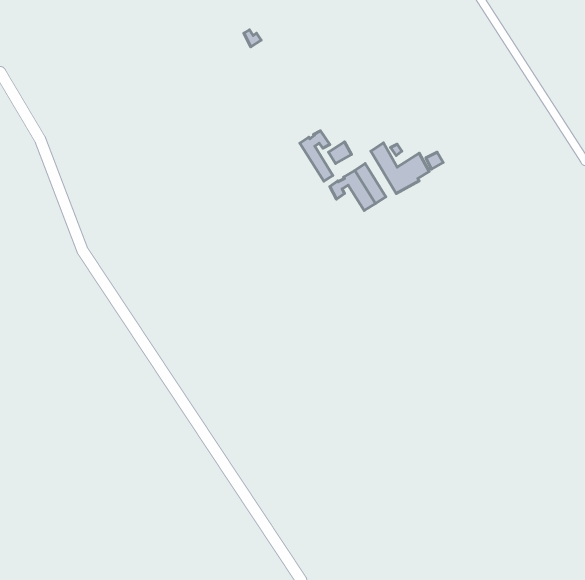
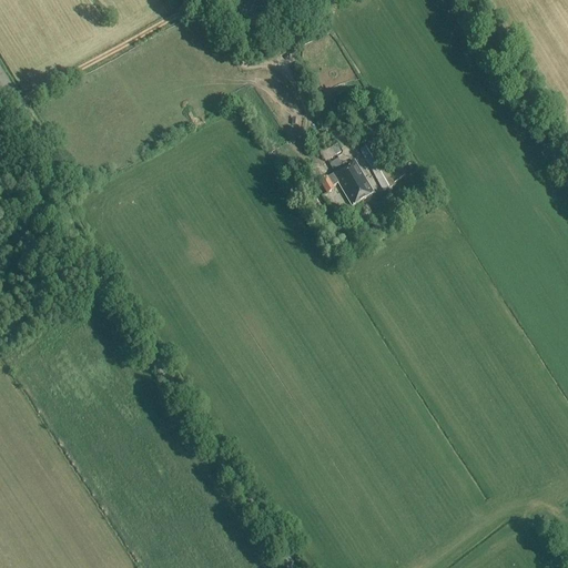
building: [300,131,333,181] -> none

